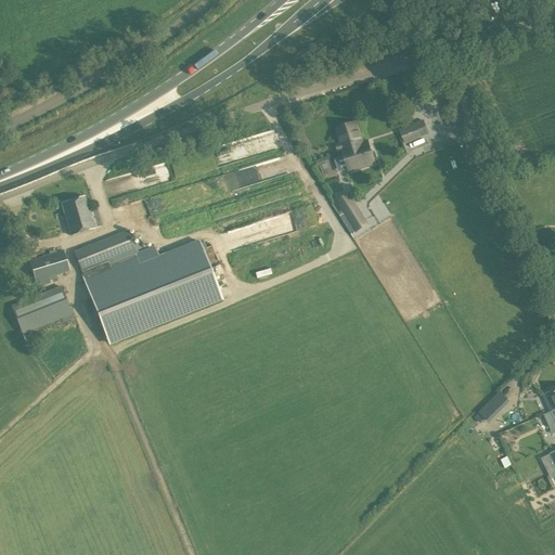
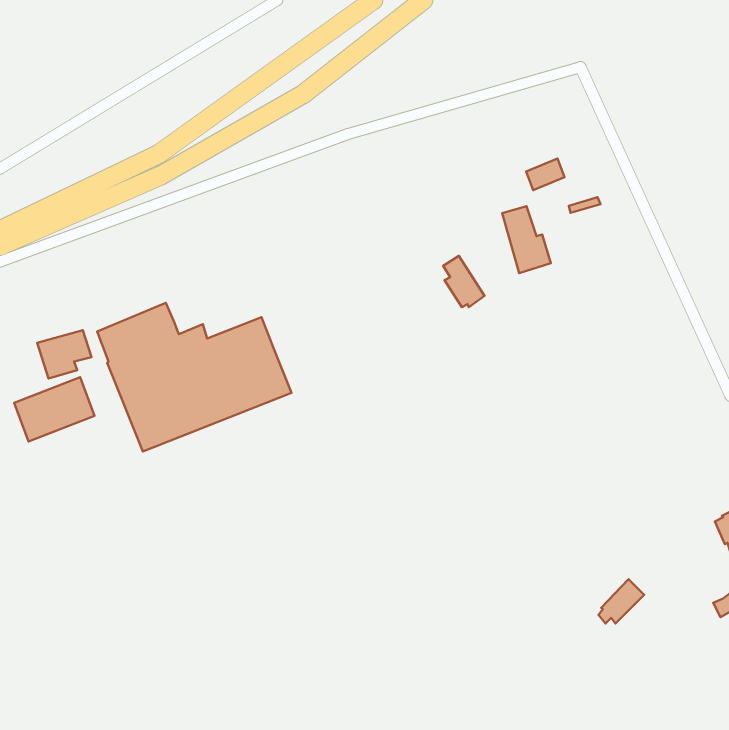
building: [336,122,373,173] -> [502,206,551,273]
building: [62,197,94,236] -> none
building: [476,390,511,424] -> [598,579,644,623]

